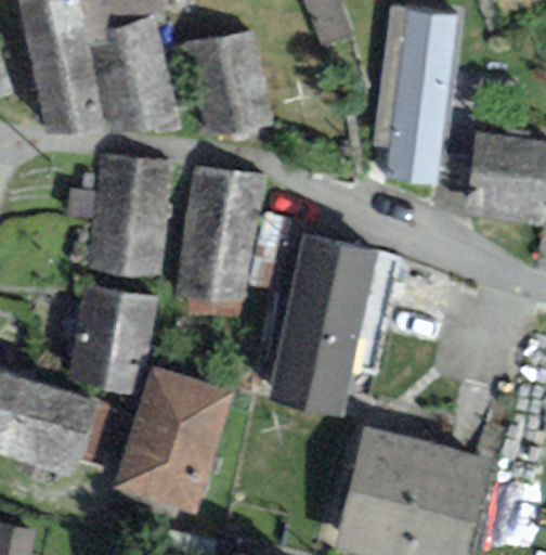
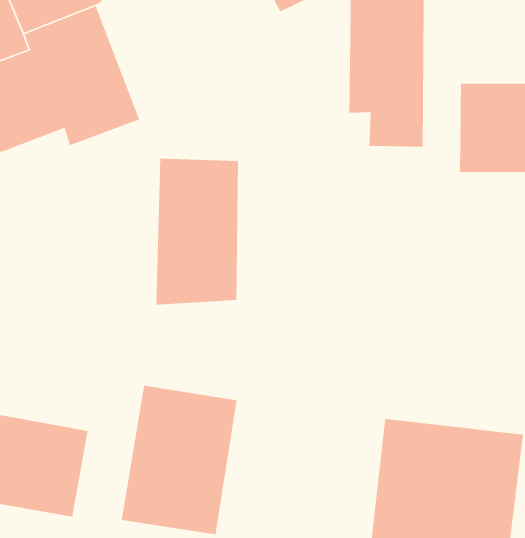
building: [183,29,271,138] -> none
building: [87,152,172,278] -> none
building: [265,235,402,417] -> none
building: [67,284,155,391] -> none

